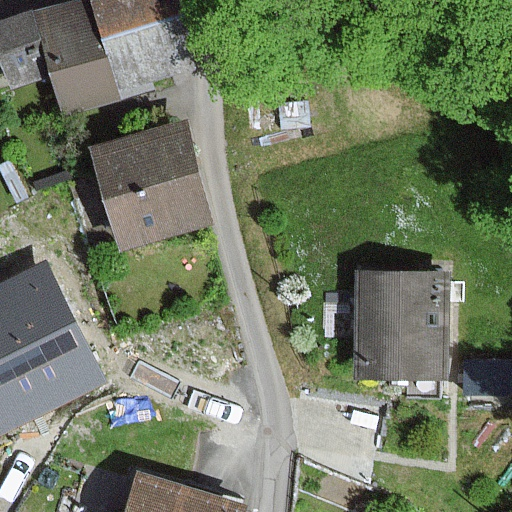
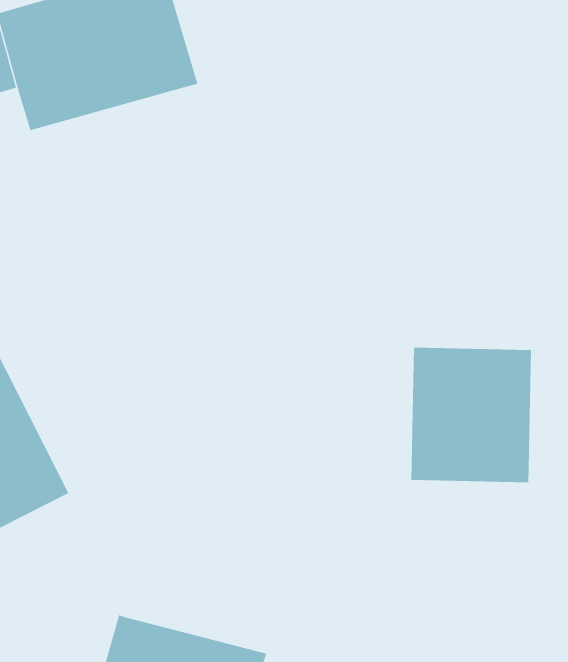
building: [97,123,210,244] -> none

